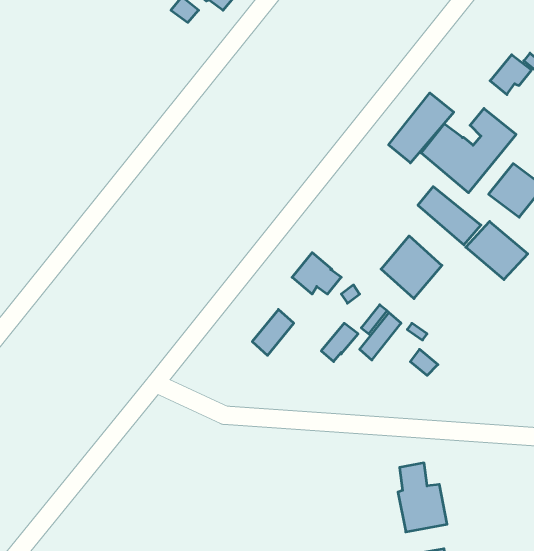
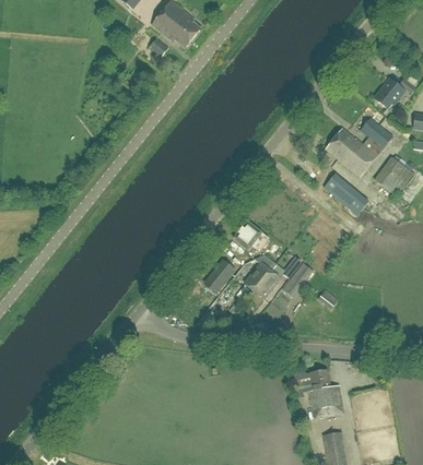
building: [389,93,454,163] -> none
building: [466,221,528,280] -> none
building: [381,236,442,299] -> none
building: none -> [245,253,277,289]

